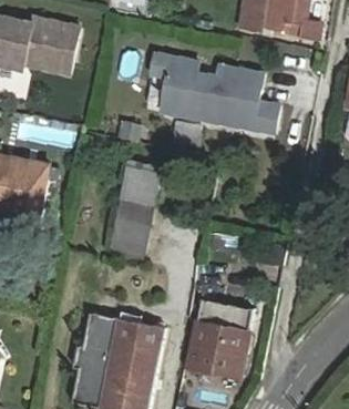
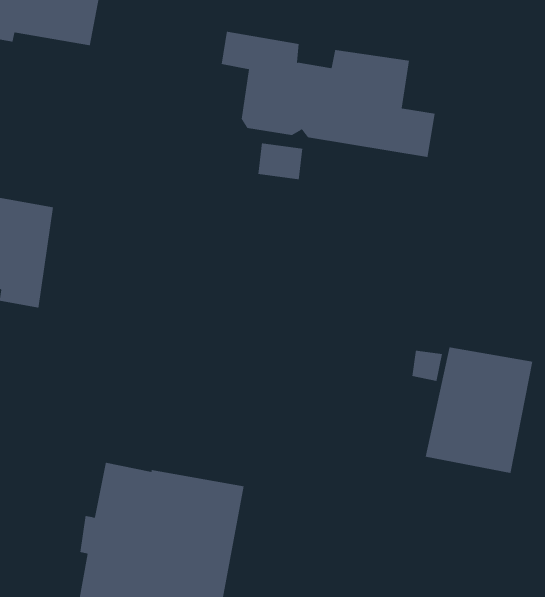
building: [110,167,157,262] -> none
building: [188,301,254,378] -> [425,347,533,473]

